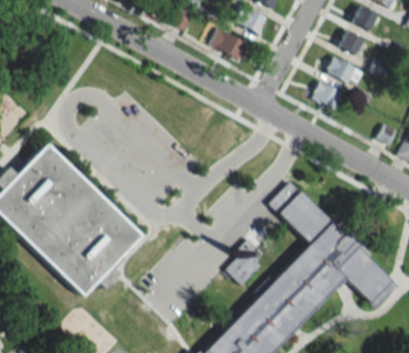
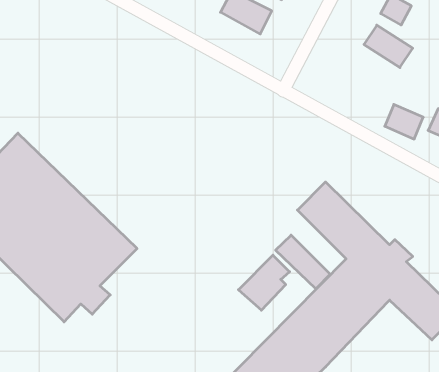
building: [312,81,343,109] -> [385,104,423,139]
building: none -> [276,235,330,289]

